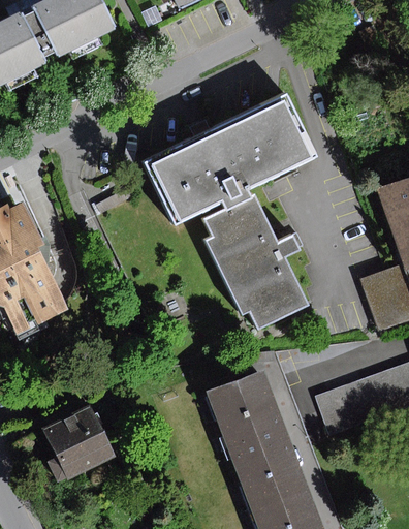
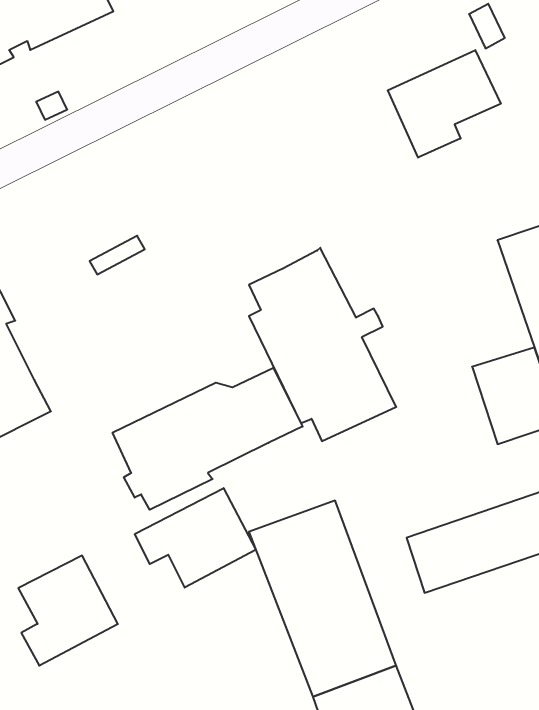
building: none -> [388,50,501,158]
building: [145,94,318,222] -> none
building: none -> [113,368,303,510]
building: none -> [135,488,256,588]

